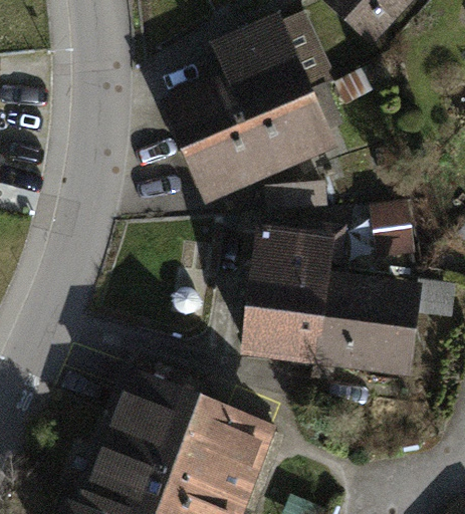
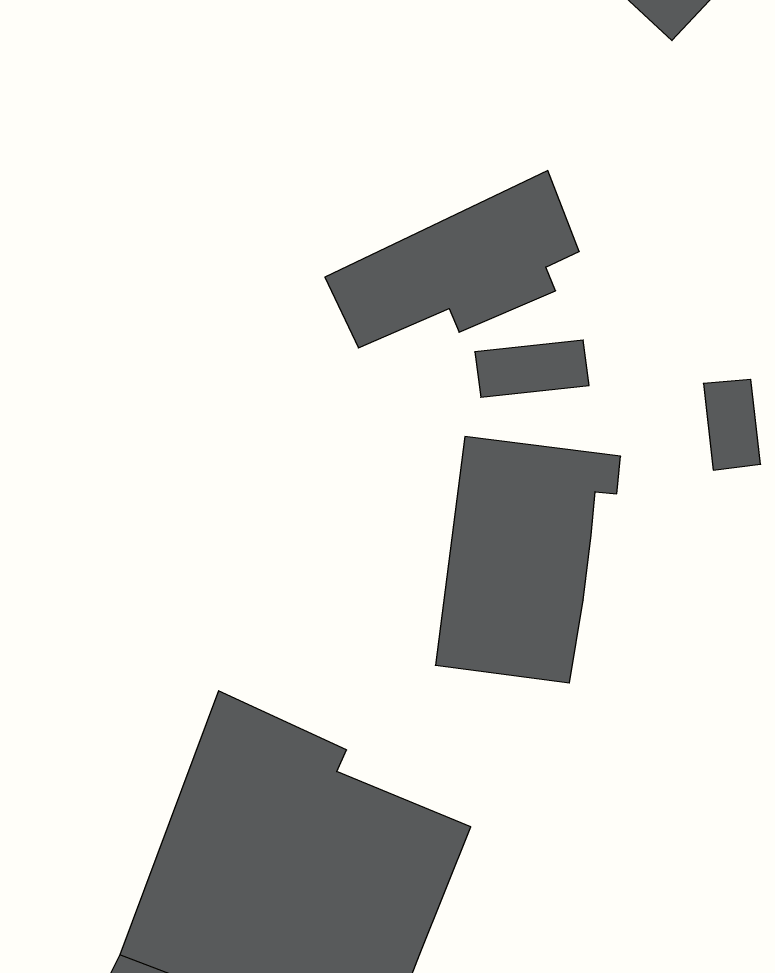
building: [178,15,335,152] -> none
building: [315,283,417,377] -> none

